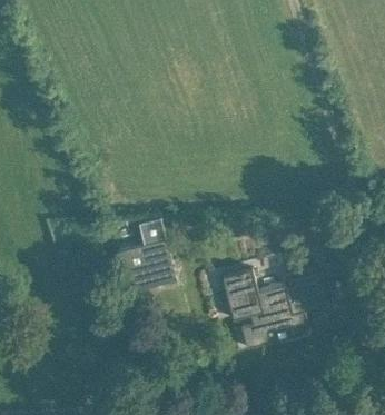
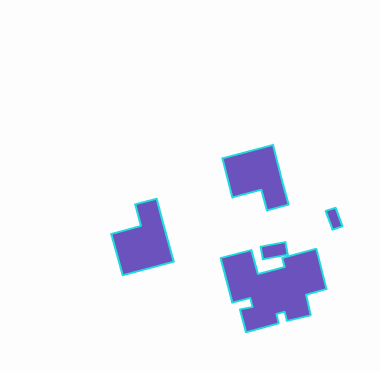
building: none -> [222,145,289,211]

